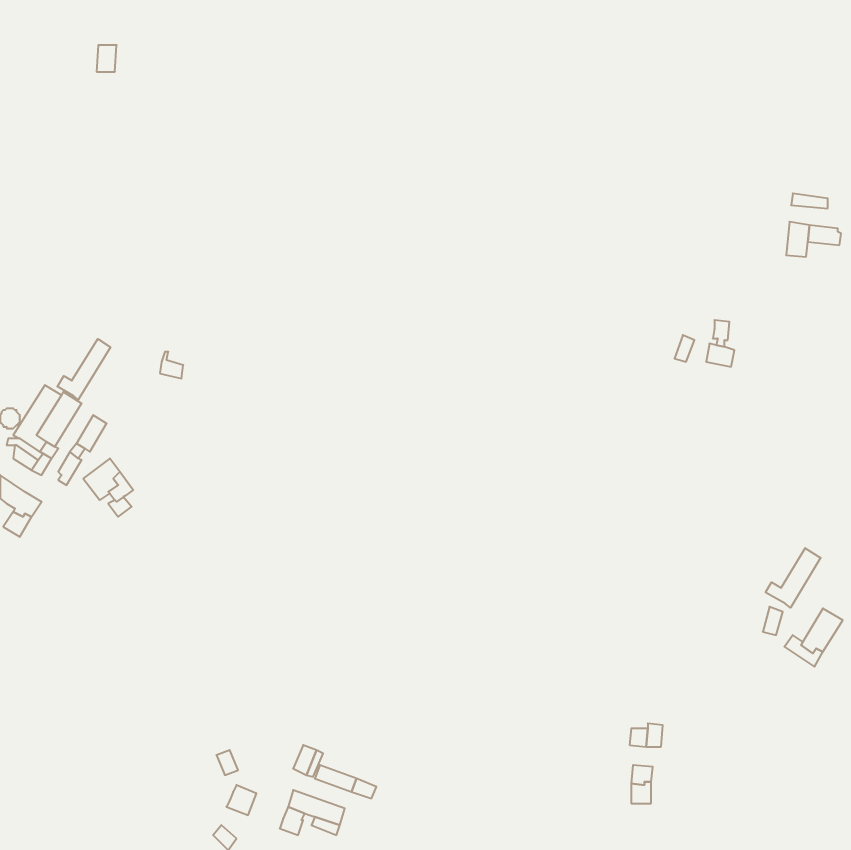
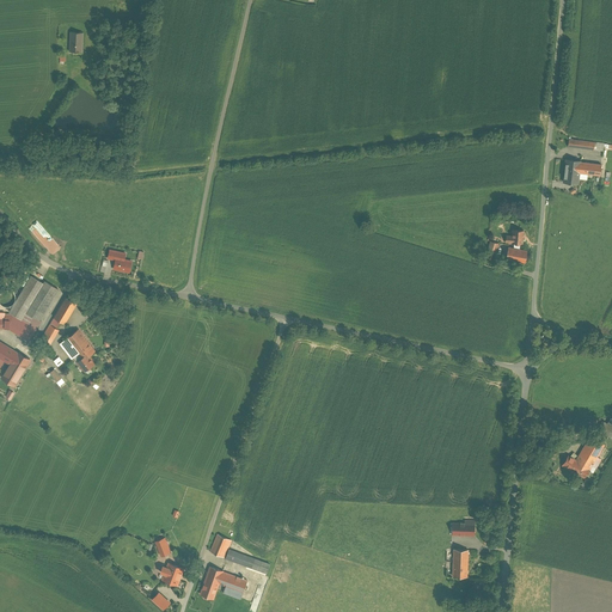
building: [57,339,110,400] -> none
building: [766,548,821,608] -> none

